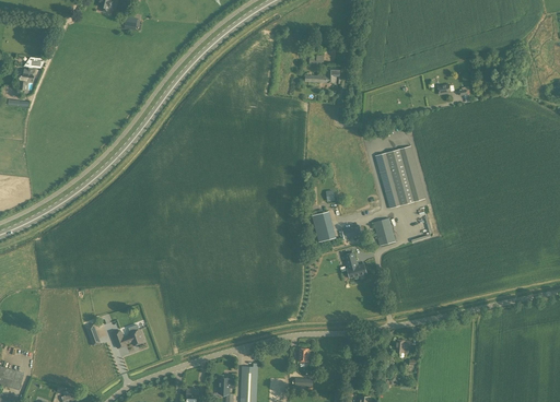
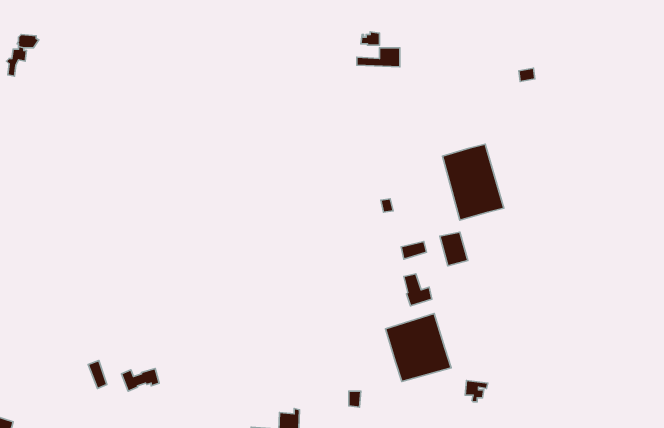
building: [311,210,335,241] -> none
building: none -> [386,314,451,382]

